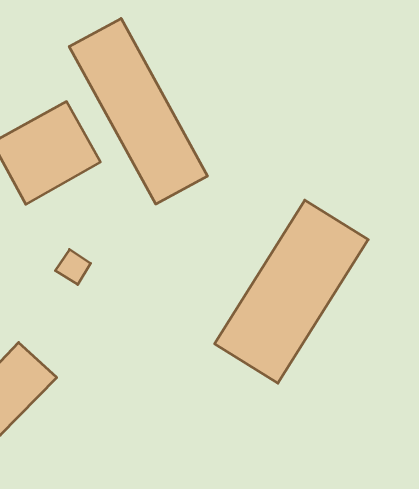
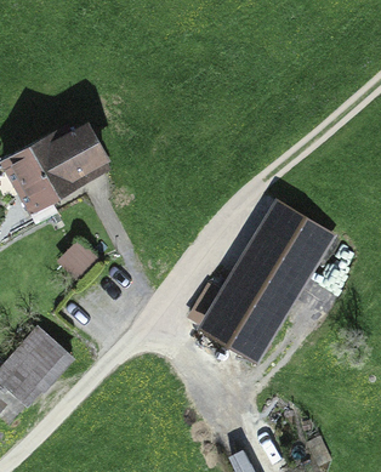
building: [69,18,207,204] -> none

